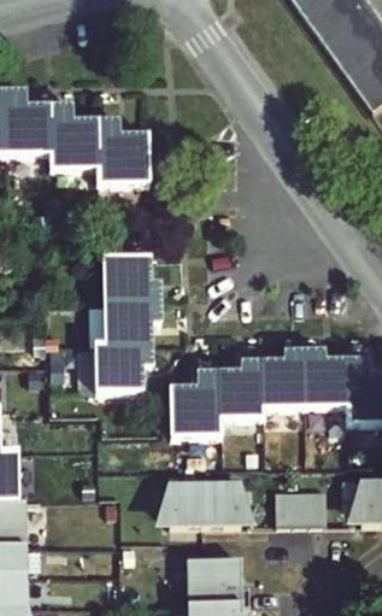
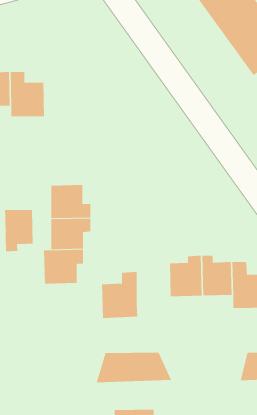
building: [95,121,146,183] -> none
building: none -> [4,209,33,252]
building: [219,363,263,417] -> none
building: [281,485,337,518] -> none

